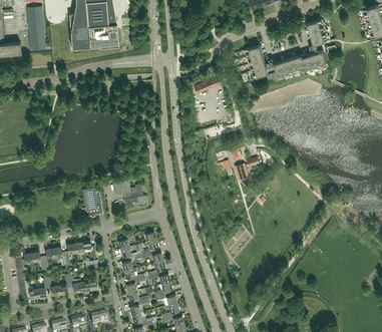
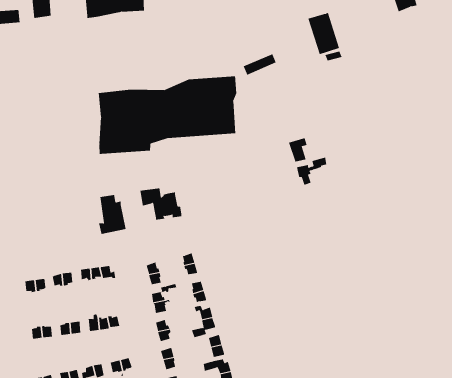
building: [274,49,329,78] -> none
building: none -> [98,76,237,155]

